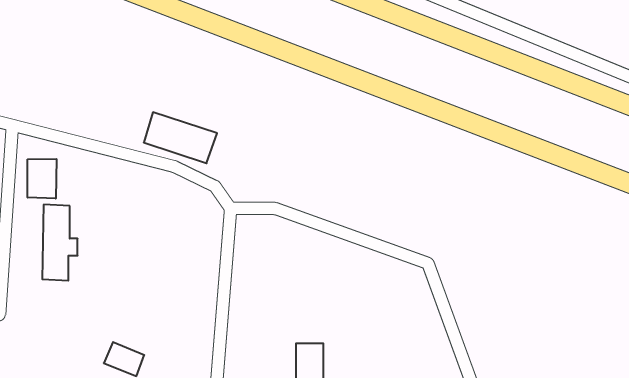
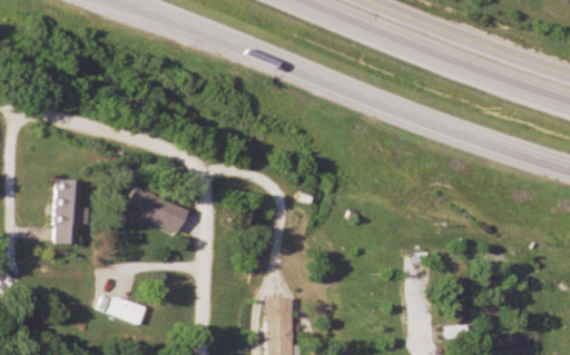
building: [144,112,217,163] -> [125,189,187,233]
building: [28,159,56,199] -> none

